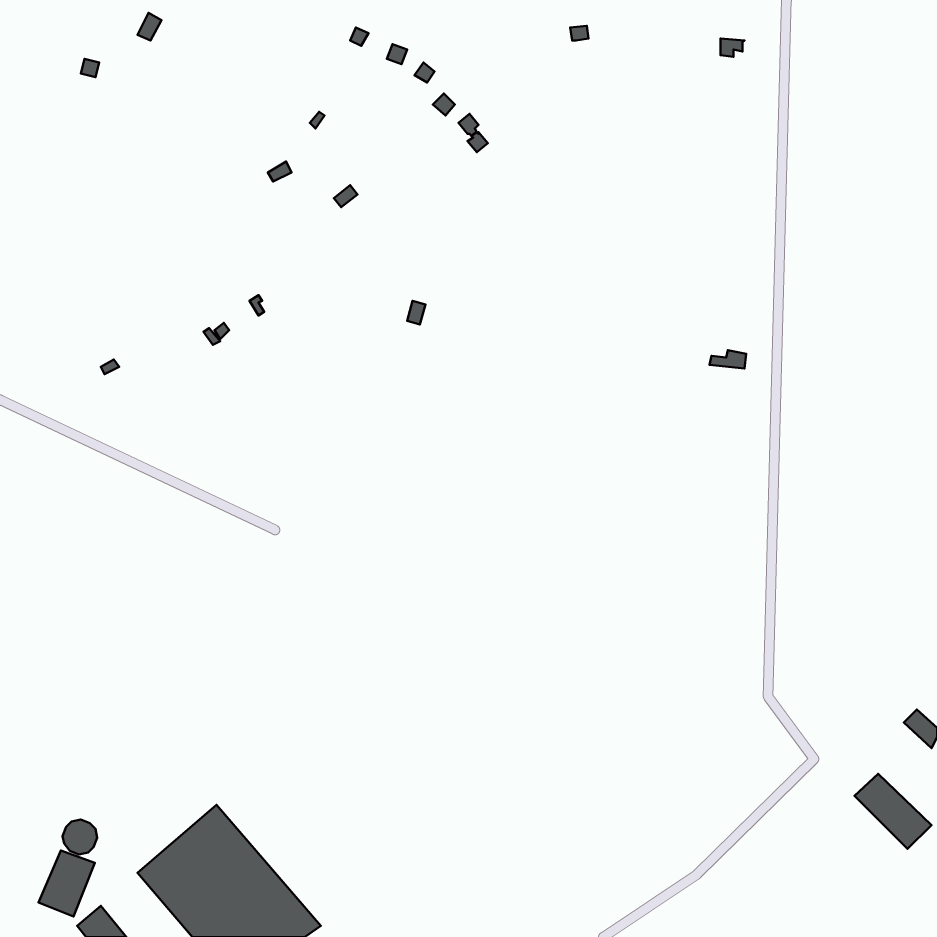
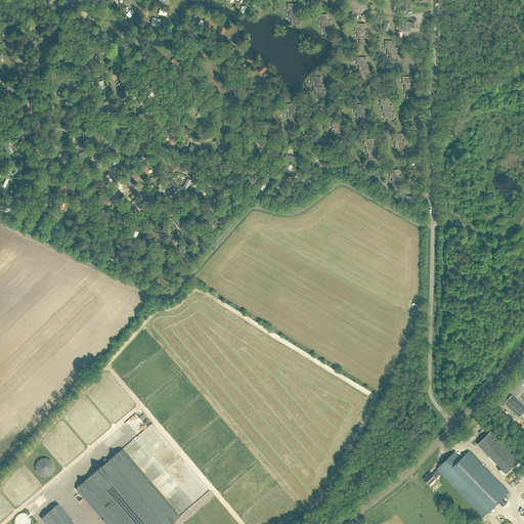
building: none -> [424,451,508,517]
building: [39,850,95,916] -> none

